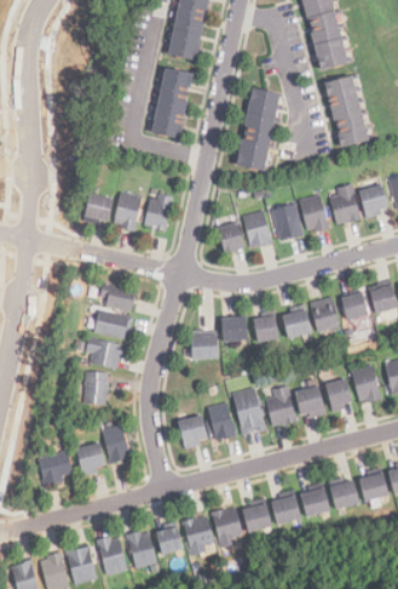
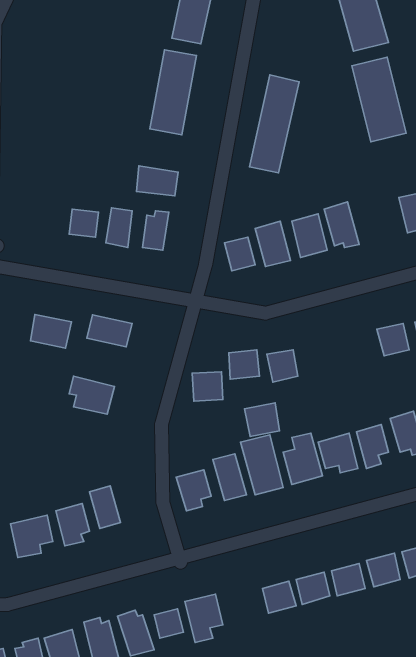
building: none -> [136,166,178,196]
building: [328,181,359,223] -> none
building: [310,298,339,331] -> none
building: [279,307,308,334] -> [244,403,280,437]
building: [94,311,128,339] -> [30,314,71,348]
building: [86,371,109,406] -> none
building: [213,509,244,548] -> none

